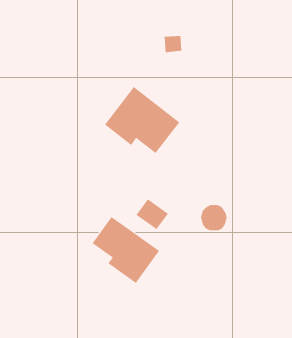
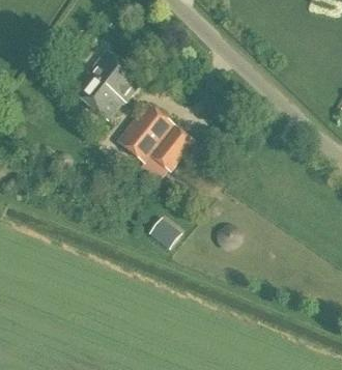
building: none -> [72,50,141,118]
building: [92,216,160,284] -> none

